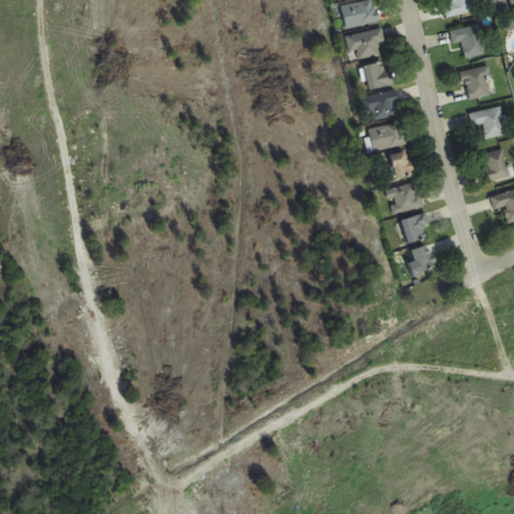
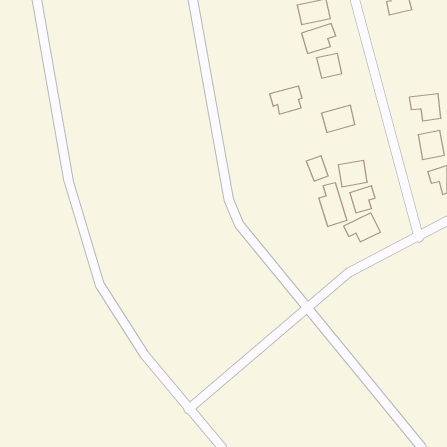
building: [450,24,484,58] -> none
building: [464,68,489,96] -> none
building: [361,89,399,121] -> [270,86,302,114]
building: [388,151,413,180] -> [306,156,328,181]
building: none -> [319,183,347,227]

